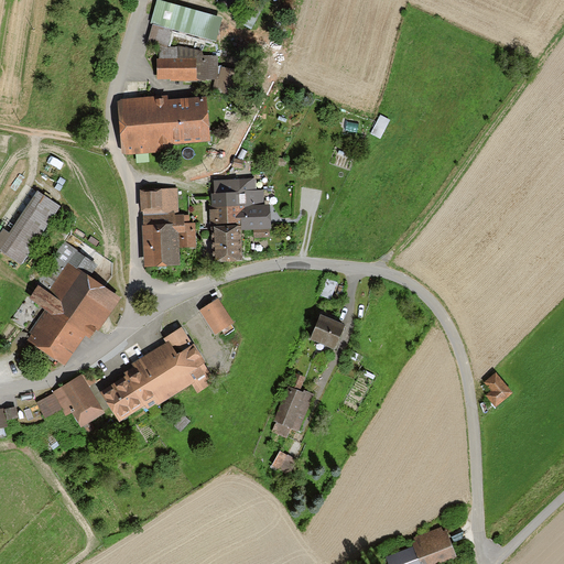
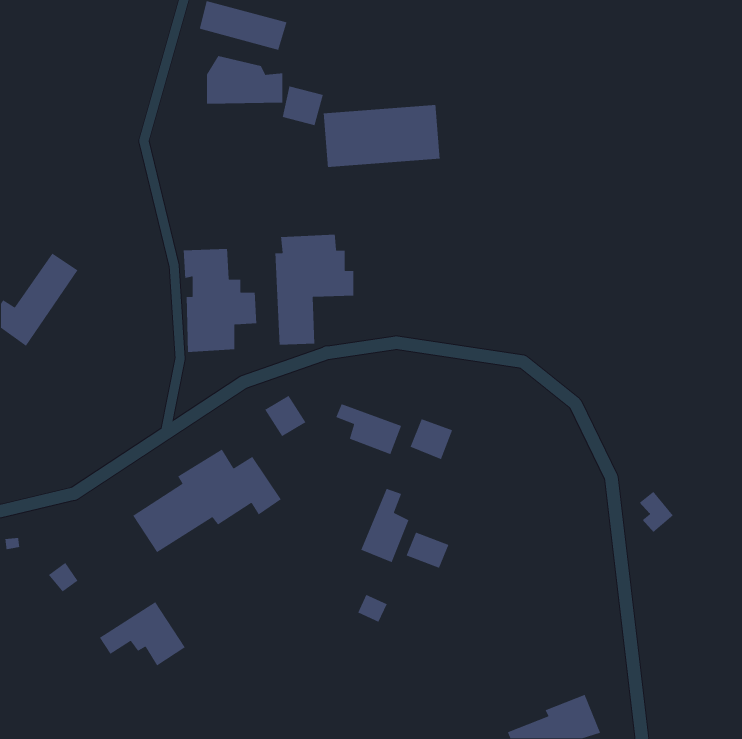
building: [120,97,209,145] -> [323,104,440,168]
building: [29,251,118,362] -> none
building: none -> [335,403,402,455]
building: [36,375,102,424] -> [99,601,186,667]
building: none -> [405,532,449,569]

